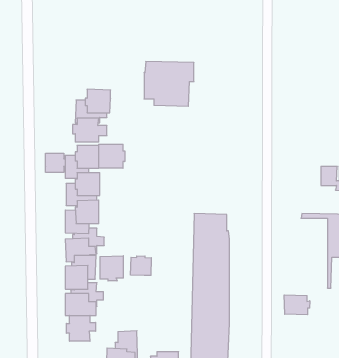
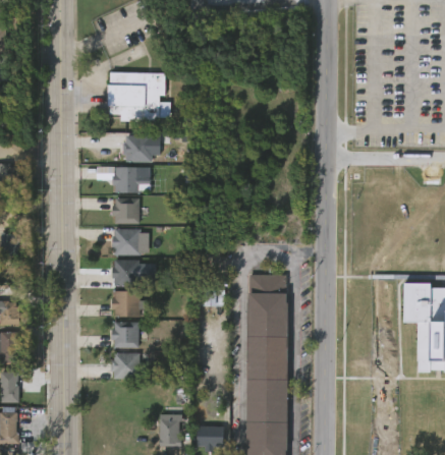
building: [144,62,194,106] -> [109,71,165,121]
building: [99,144,125,168] -> none
building: [46,153,65,172] -> none
building: [100,256,123,281] -> none
building: [131,256,151,275] -> none
building: [284,295,310,315] -> none
building: [66,315,96,341] -> none

